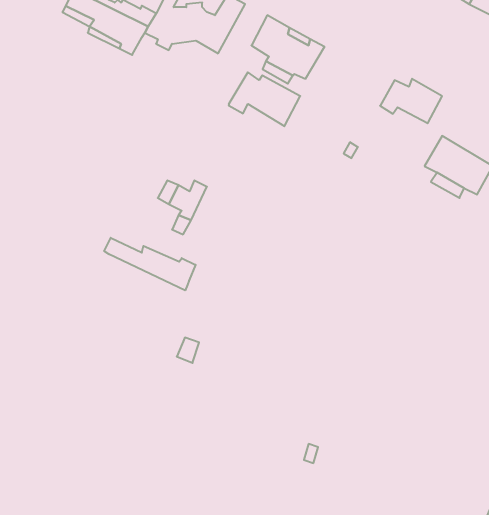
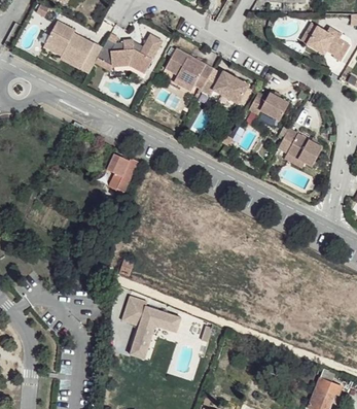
building: [229,72,300,126] -> [203,70,249,105]
building: [104,238,196,290] -> none
building: none -> [120,299,180,362]

